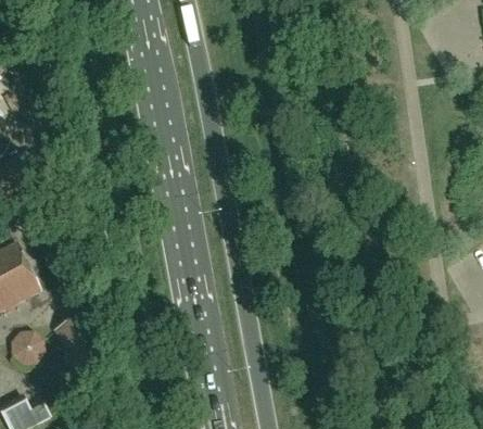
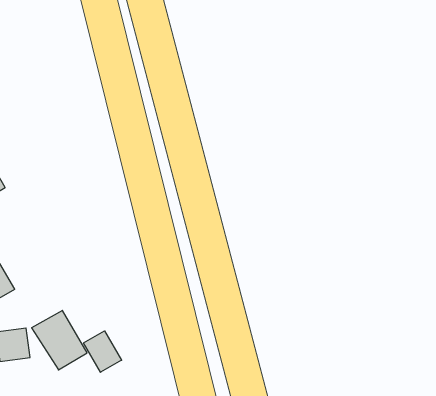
building: none -> [84,331,122,372]

